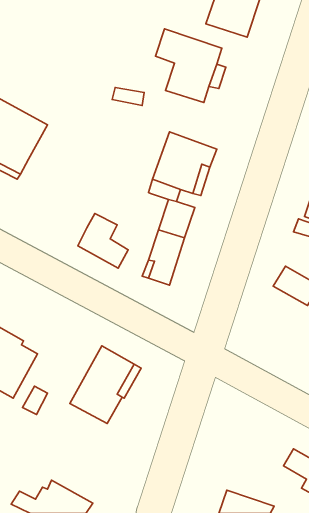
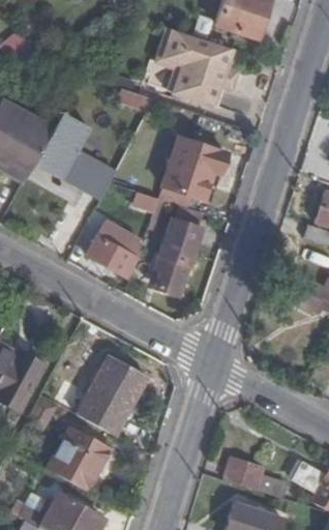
building: none -> [32,113,114,200]
building: none -> [46,426,111,491]
building: none -> [226,457,291,497]

